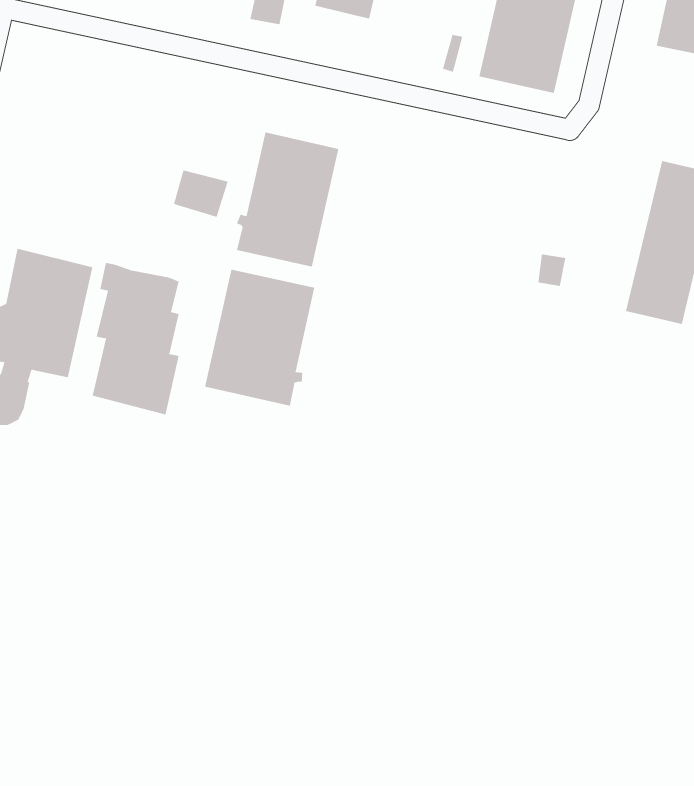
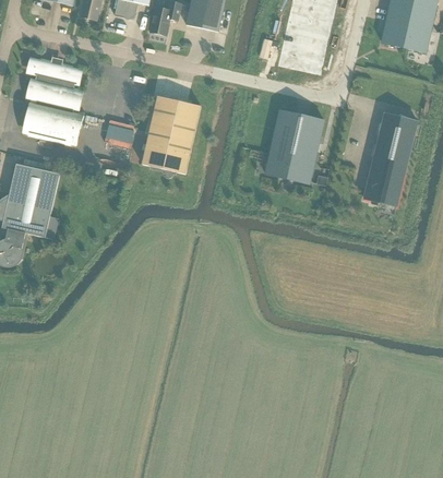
building: none -> [265,108,323,182]
building: [92,262,180,415] -> [27,57,77,144]
building: [205,269,315,407] -> none

